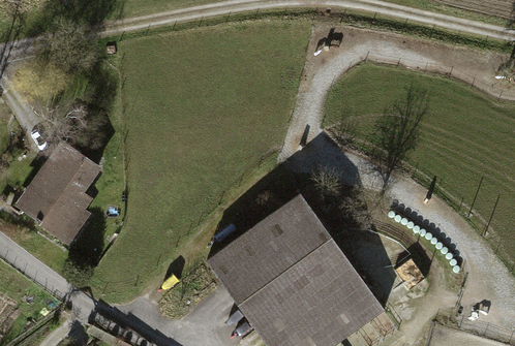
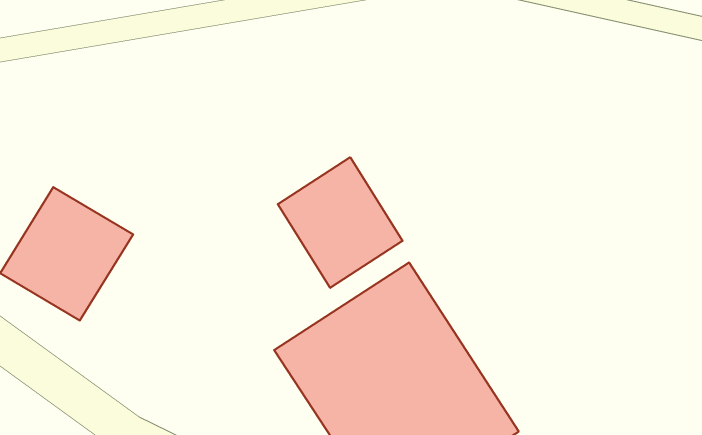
building: none -> [278,157,403,288]

